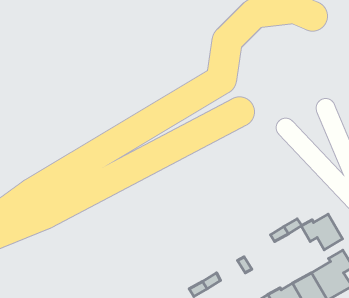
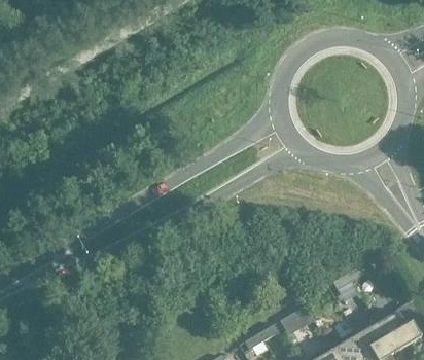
building: [301,214,343,250] -> none

